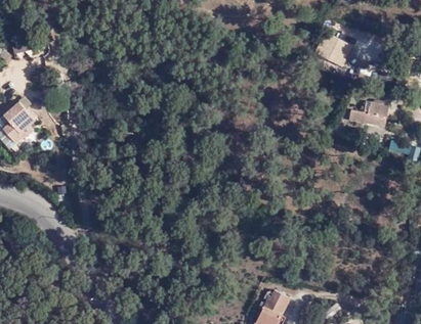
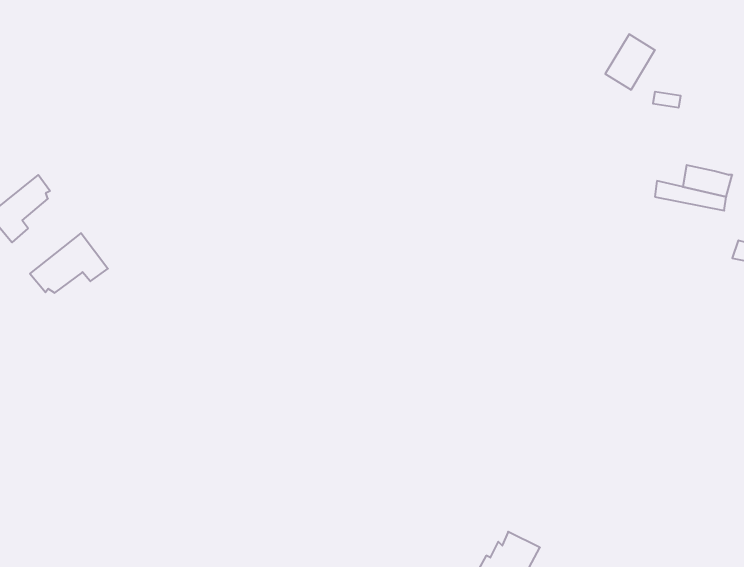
building: none -> [30,233,108,293]

